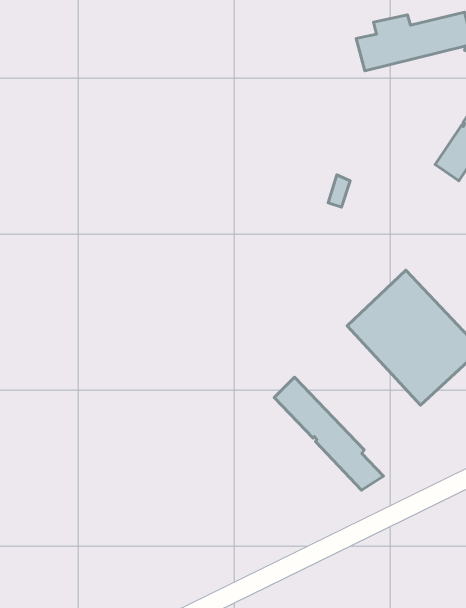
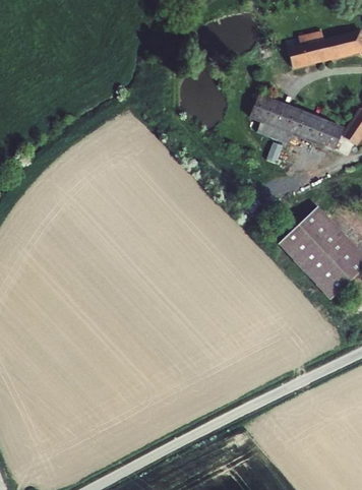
building: none -> [248,93,344,150]
building: [274,377,384,490] -> none

